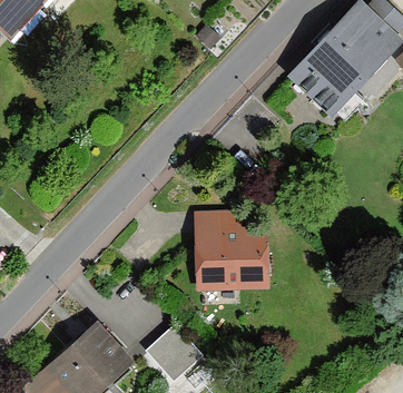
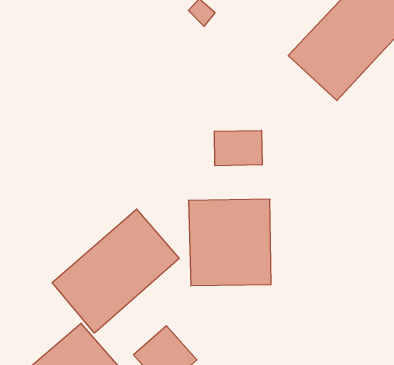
building: none -> [214,130,262,166]
building: none -> [52,209,179,333]

